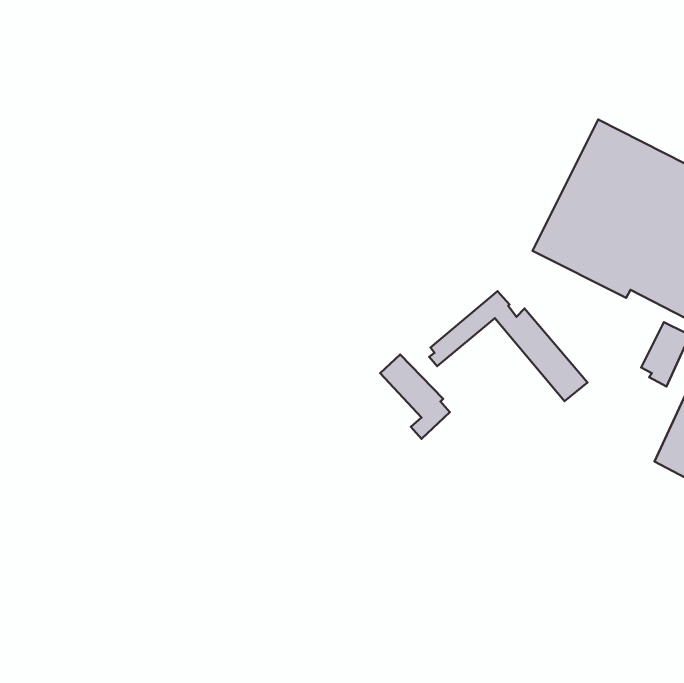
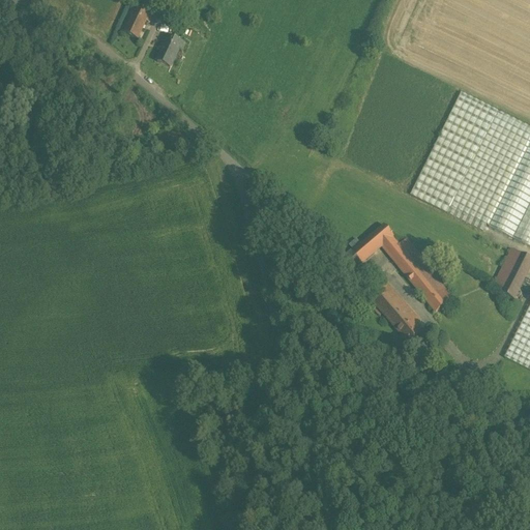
building: none -> [126,5,153,37]
building: none -> [158,33,186,66]
building: [380,354,450,439] -> [372,287,425,352]

